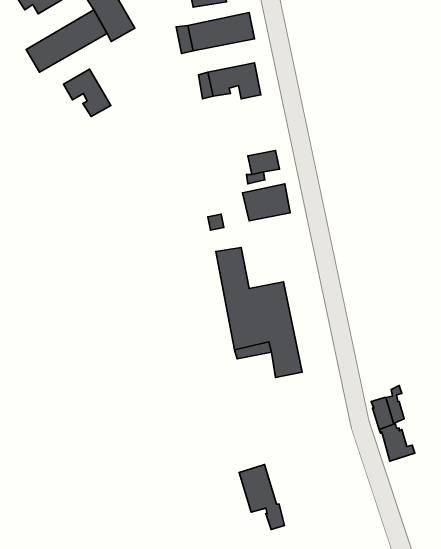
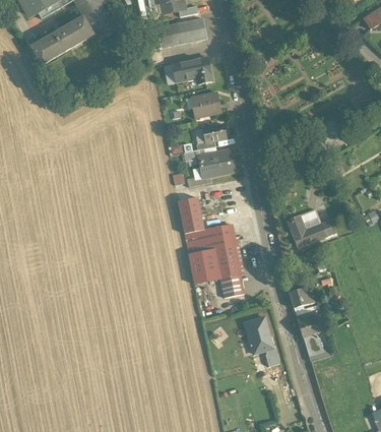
building: [63,69,111,117] -> none
building: none -> [191,91,221,115]
building: none -> [288,215,335,247]
building: none -> [290,286,317,307]
building: [239,464,284,529] -> [245,316,279,366]

